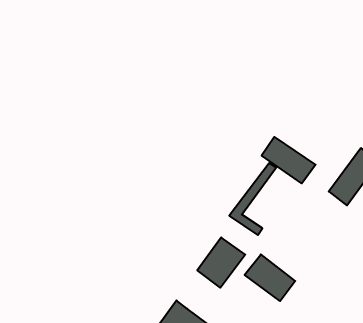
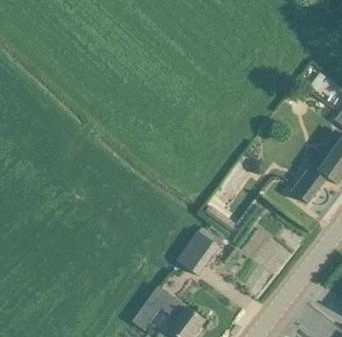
building: [262,137,316,183] -> none
building: [245,254,295,301] -> none

